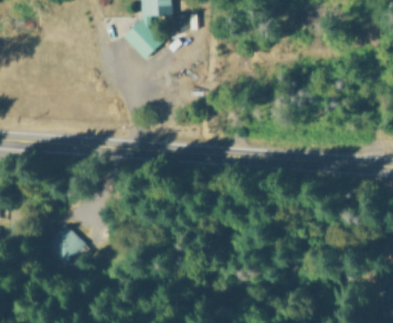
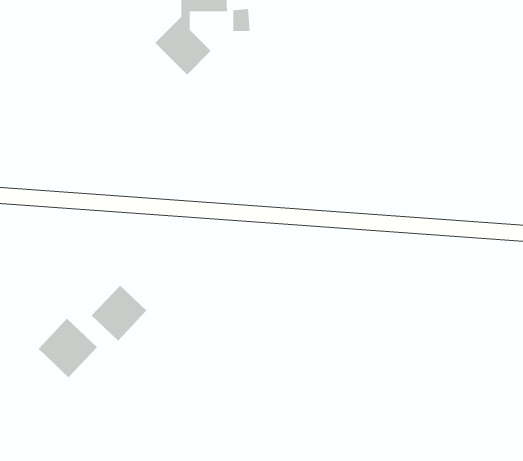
building: none -> [91,285,147,341]

